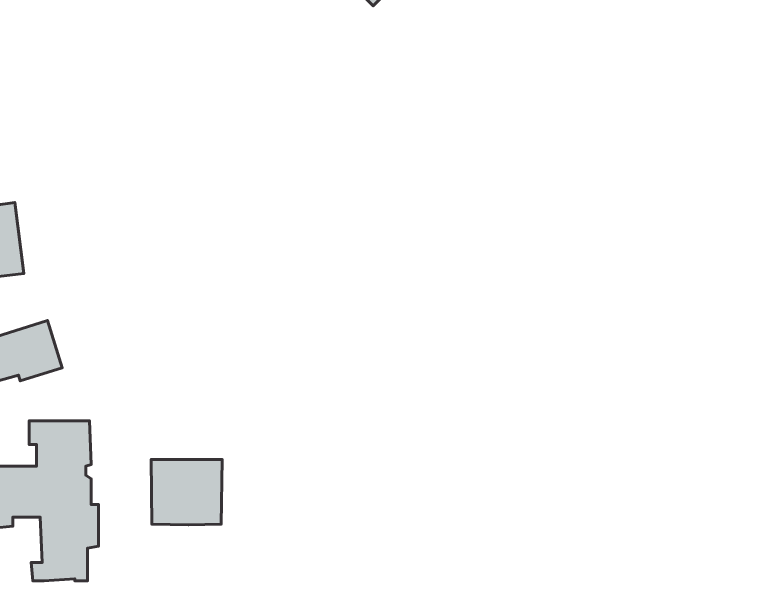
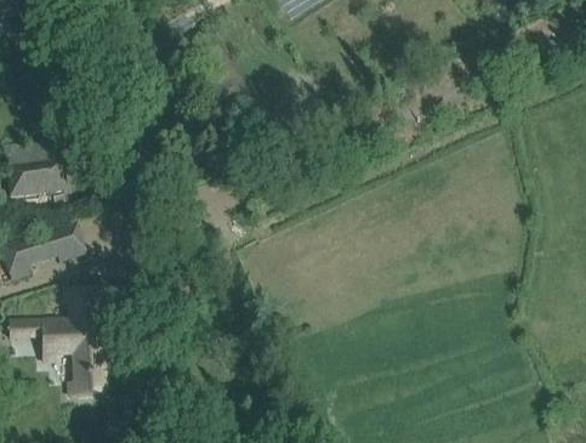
building: [151,459,222,525] -> none

